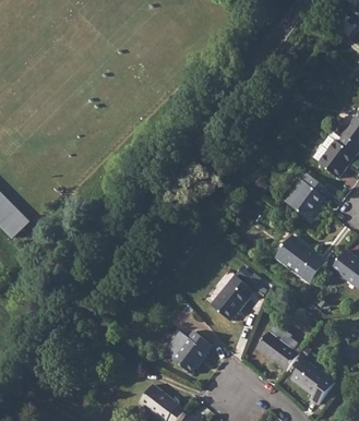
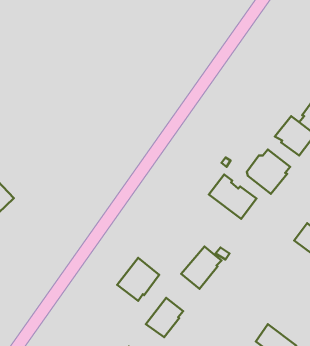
building: [276,234,327,282] -> [209,174,256,219]
building: none -> [117,258,159,301]
building: [256,330,307,371] -> none

